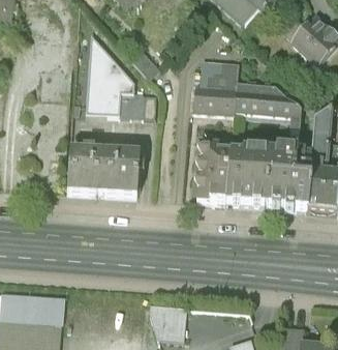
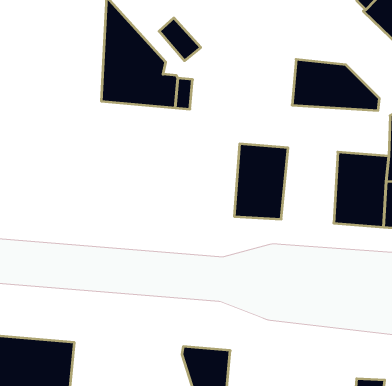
building: [196,60,238,115] -> none
building: [68,147,142,195] -> none
building: [225,148,269,206] -> none

